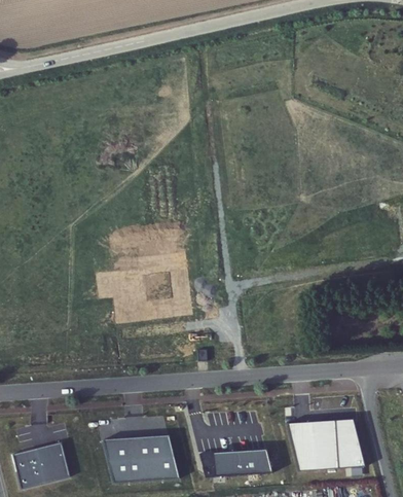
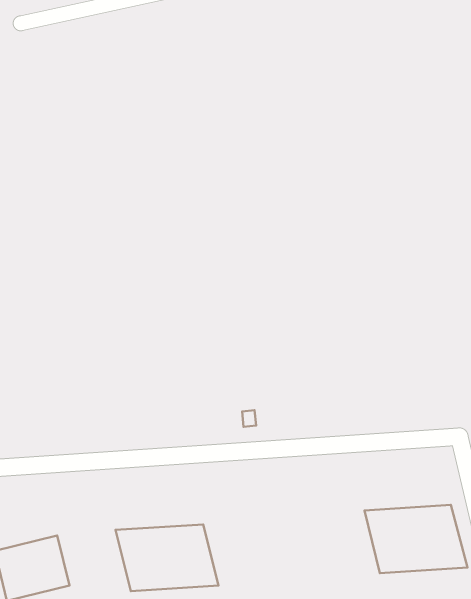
building: [198,451,270,477] -> none

